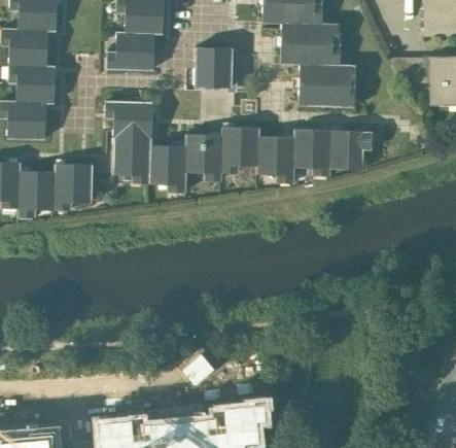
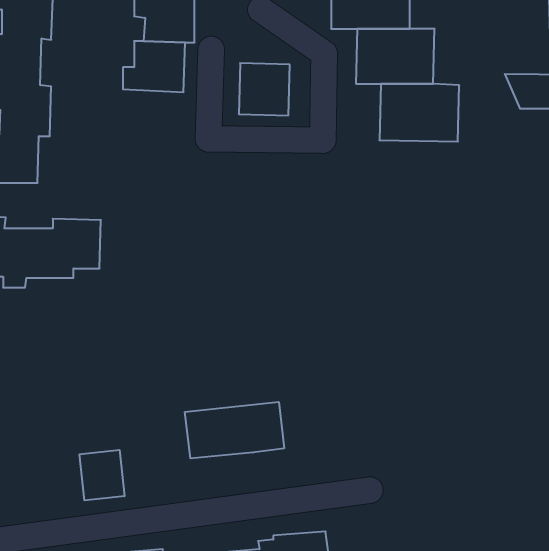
building: [108,102,376,191] -> none
building: none -> [185,402,284,458]
building: none -> [80,450,124,500]

